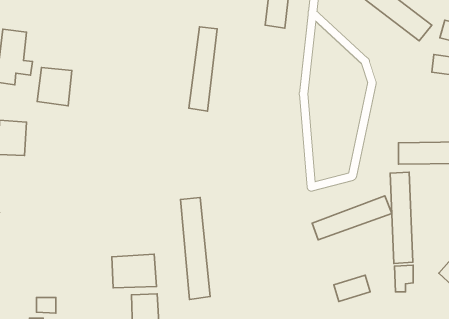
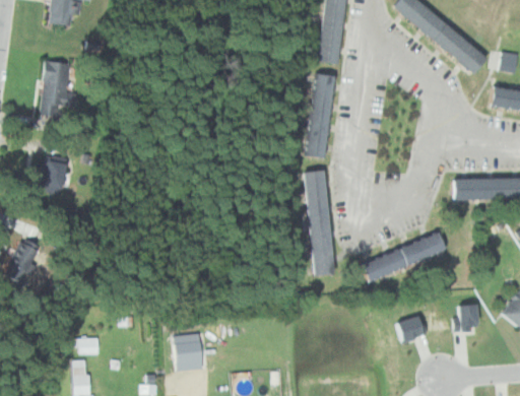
building: [189,27,217,111] -> [306,68,335,155]
building: [37,68,72,106] -> none
building: [390,172,413,263] -> none
building: [181,197,210,299] -> [305,170,335,275]
building: [112,254,156,288] -> none

